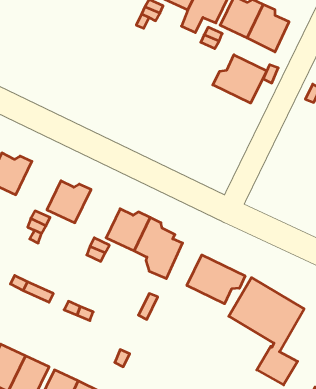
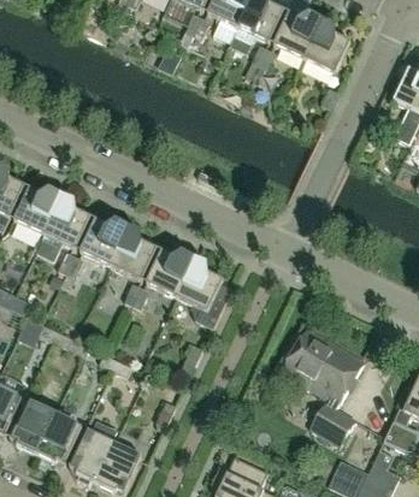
building: [213,55,267,103] -> none
building: none -> [45,196,90,248]
building: none -> [111,227,157,279]
building: [187,255,245,304] -> none

